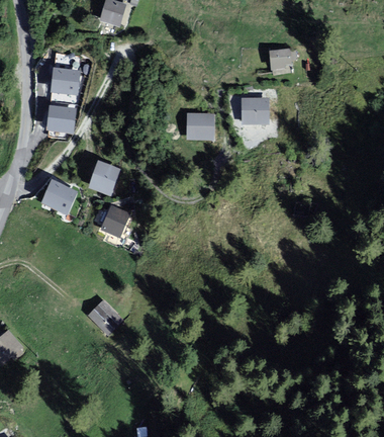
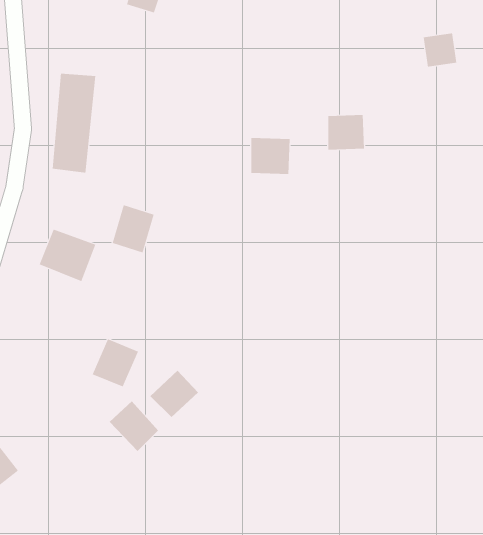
building: [269,48,293,72] -> [423,33,457,67]
building: [98,204,131,239] -> [92,339,139,387]
building: none -> [149,370,199,418]

